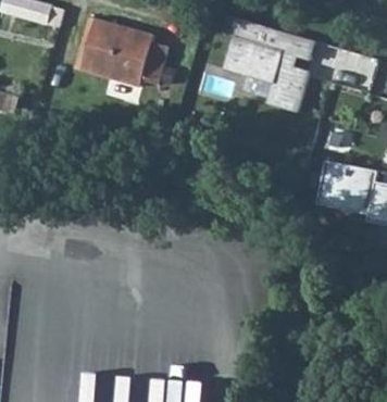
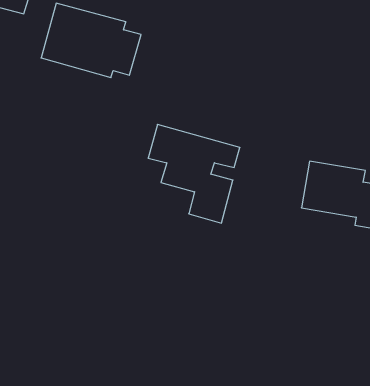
building: [229,18,315,111] -> [148,124,240,223]

